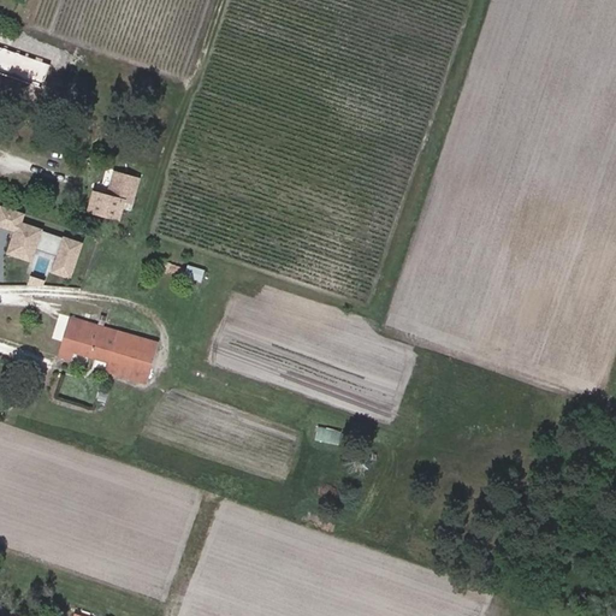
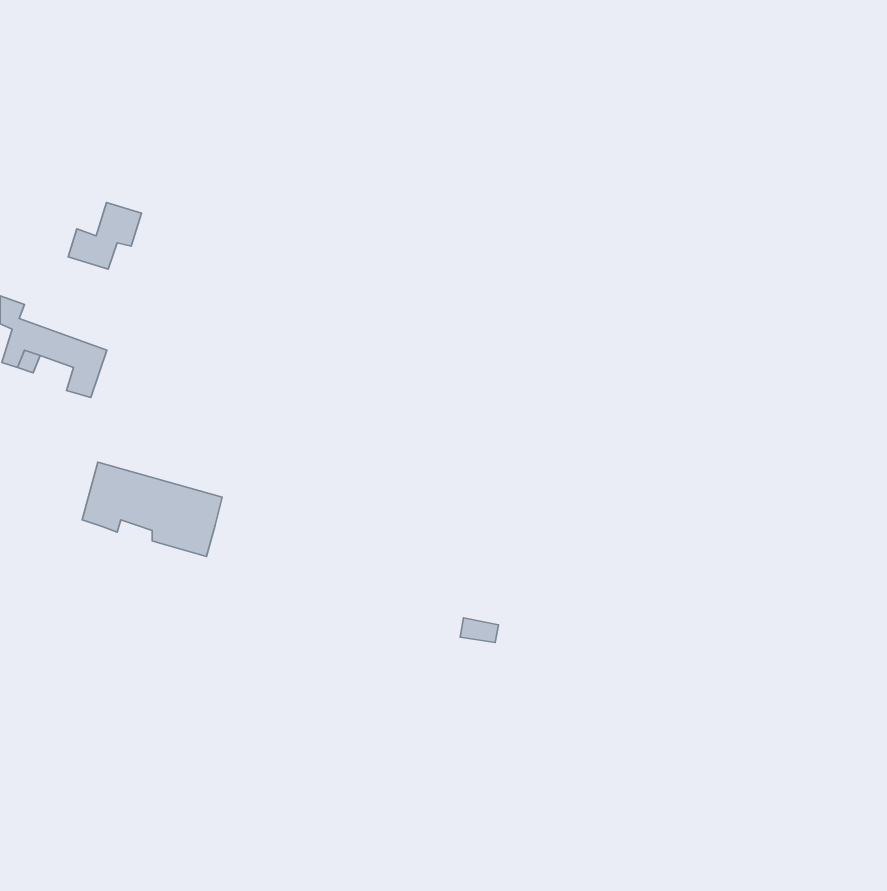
building: [88,170,138,215] -> [68,203,141,269]

